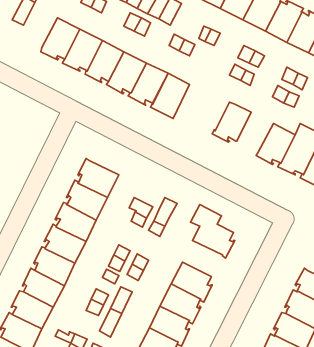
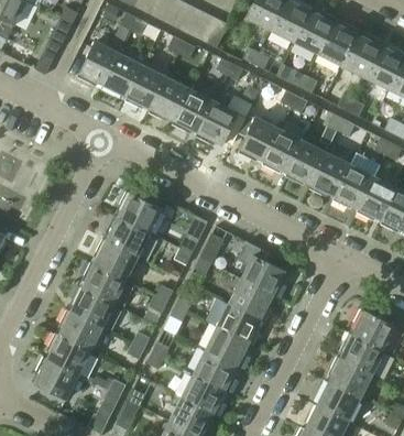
building: none -> [237,115,280,162]
building: none -> [284,142,327,186]
building: none -> [229,280,273,321]

